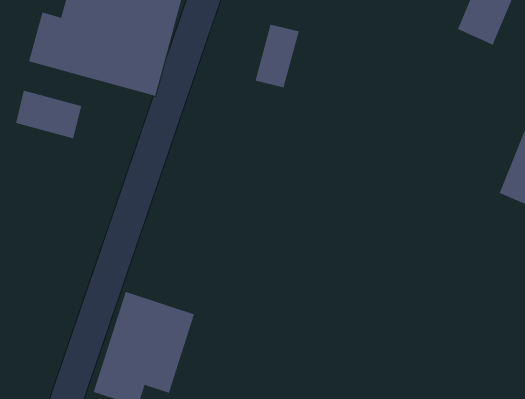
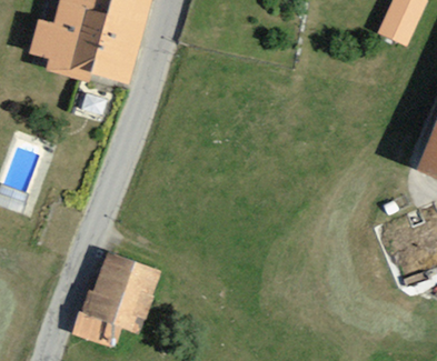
building: [255,24,299,88] -> none
building: [15,90,82,139] -> none

